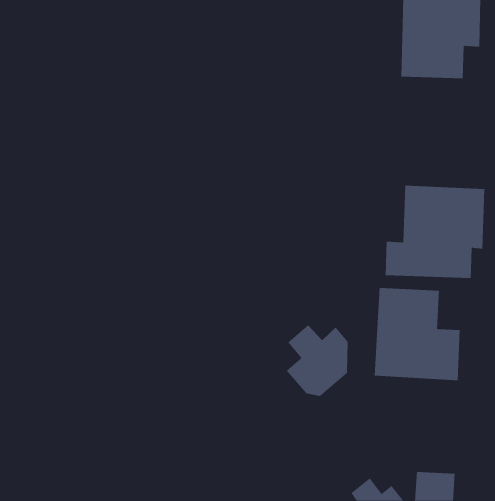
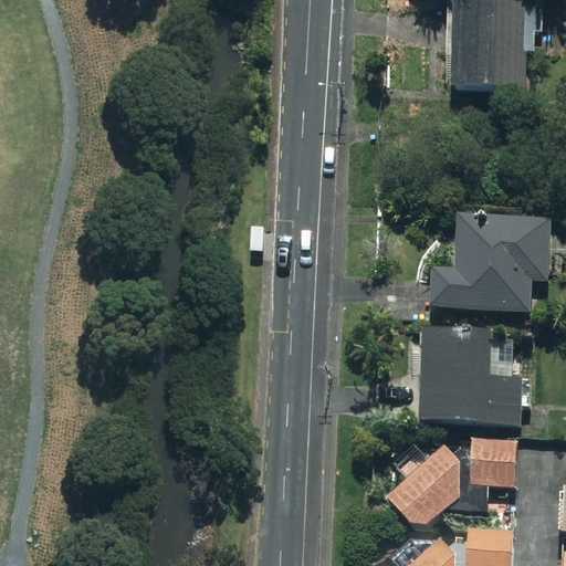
building: [286,325,349,396] -> [391,447,462,527]
building: none -> [470,438,514,485]

